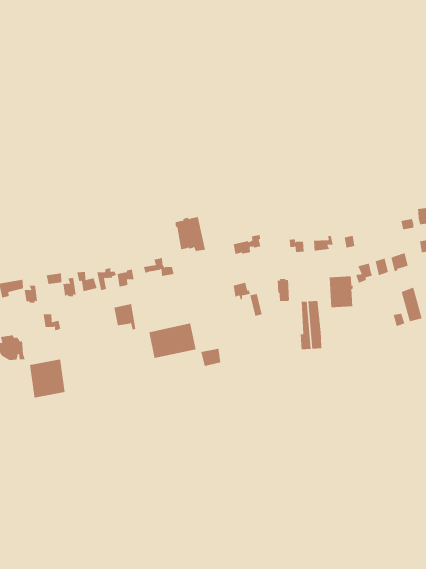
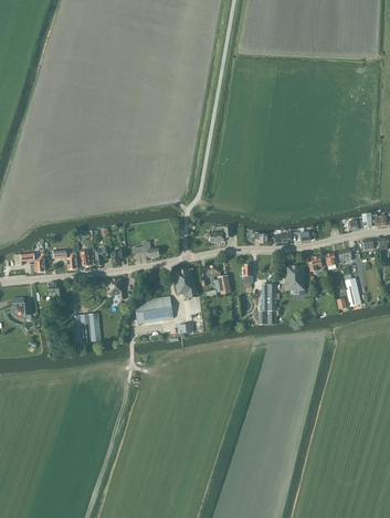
building: [175,217,206,252] -> [173,268,198,297]
building: [29,359,66,398] -> [72,313,101,343]

